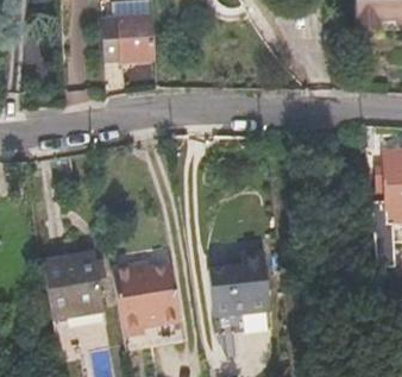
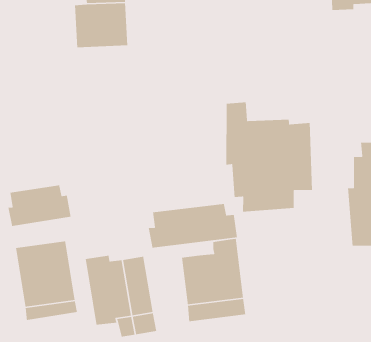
building: none -> [225,102,313,212]
building: none -> [7,185,71,227]
building: none -> [148,203,238,249]

